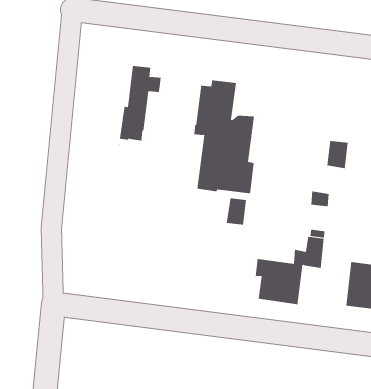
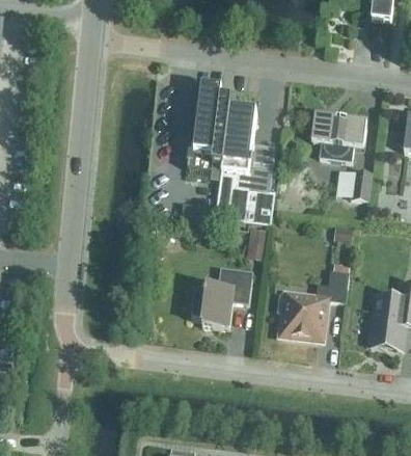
building: [118,65,161,145] -> [188,86,232,168]
building: none -> [310,112,365,160]
building: none -> [191,266,252,327]

